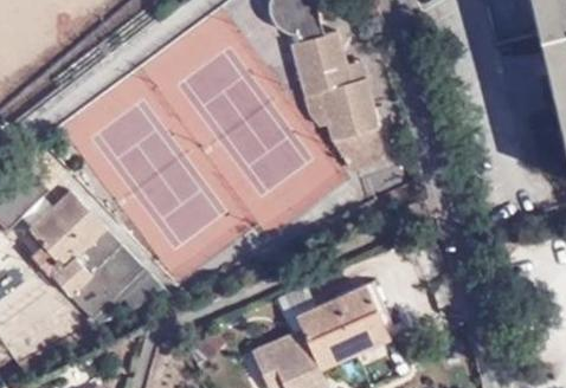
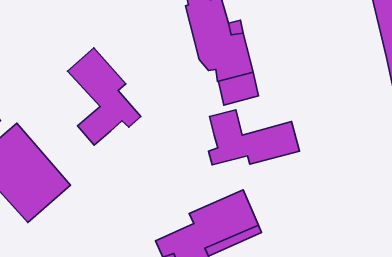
building: none -> [68,48,141,145]
building: none -> [208,110,300,165]

